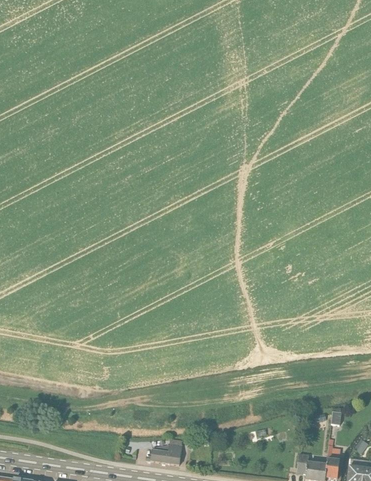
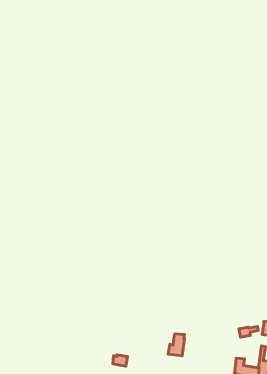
building: [162,437,182,464] -> [168,334,185,356]

